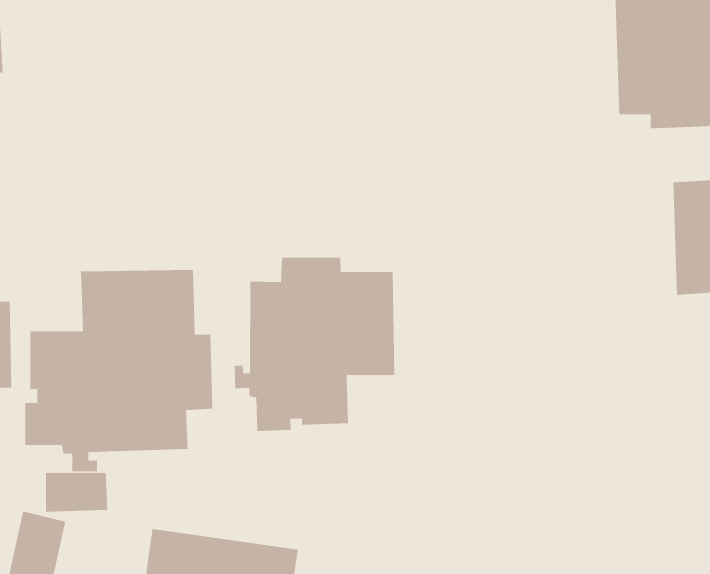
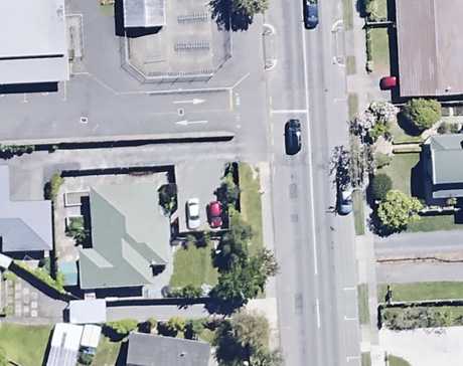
building: [234,257,395,432] -> none

